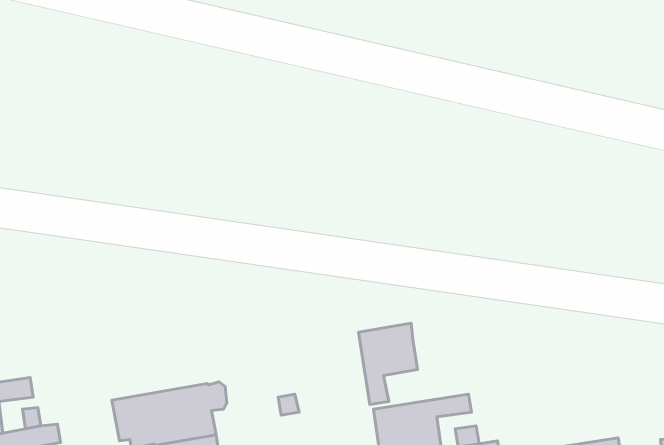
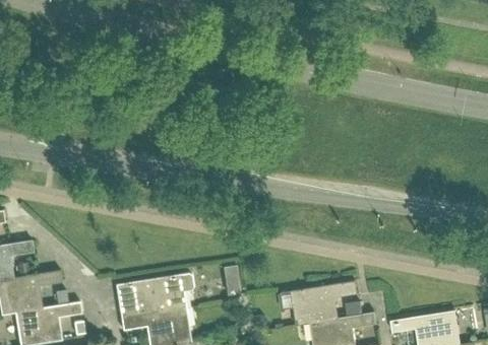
building: [358,323,418,404] -> none

